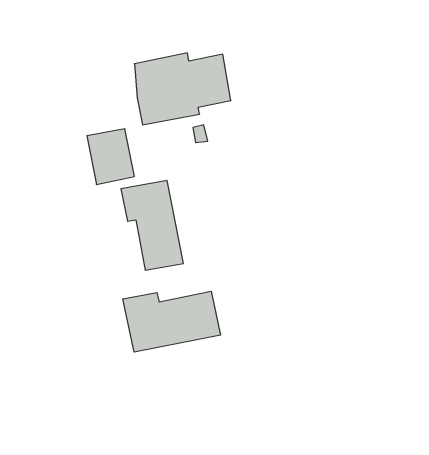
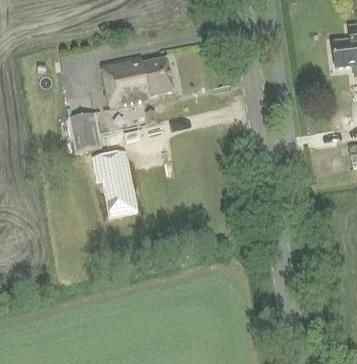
building: [123,291,221,352] -> none

